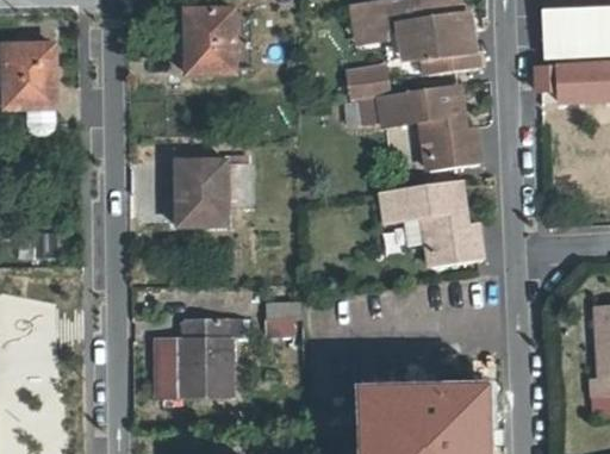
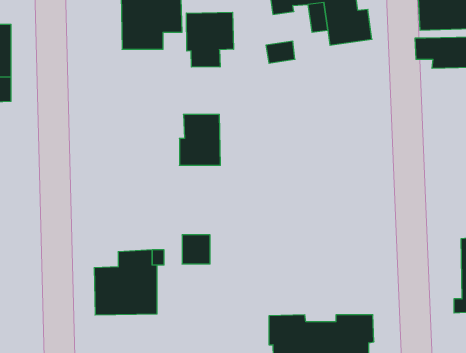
building: none -> [186,12,234,67]
building: [346,82,486,168] -> none
building: [173,166,222,226] -> [179,114,220,165]
building: [381,176,488,265] -> none

